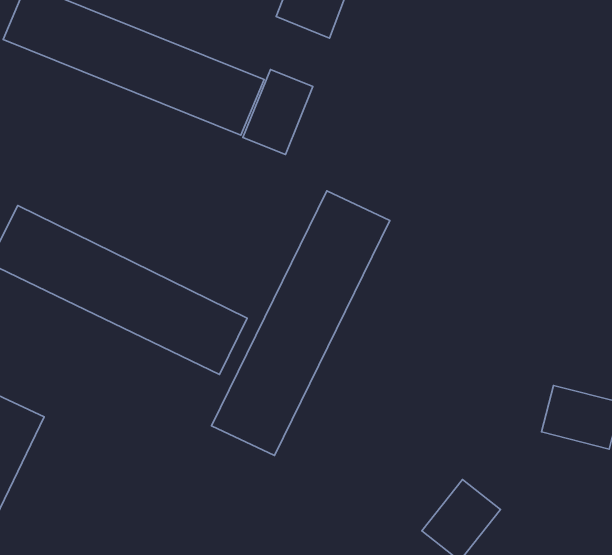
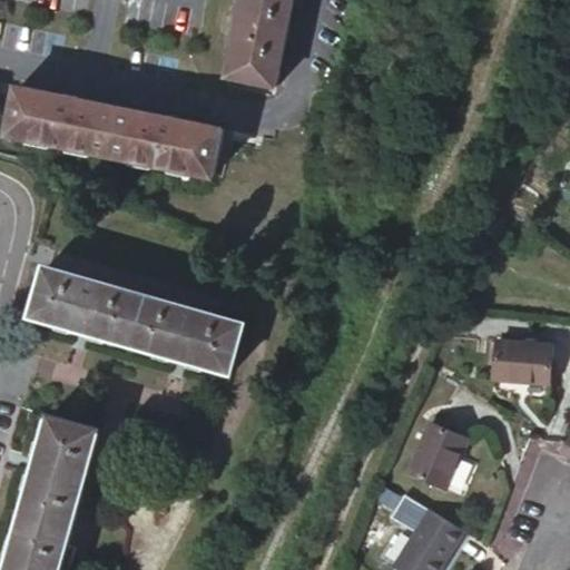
building: [243,70,313,155] -> none
building: [211,191,390,456] -> none

